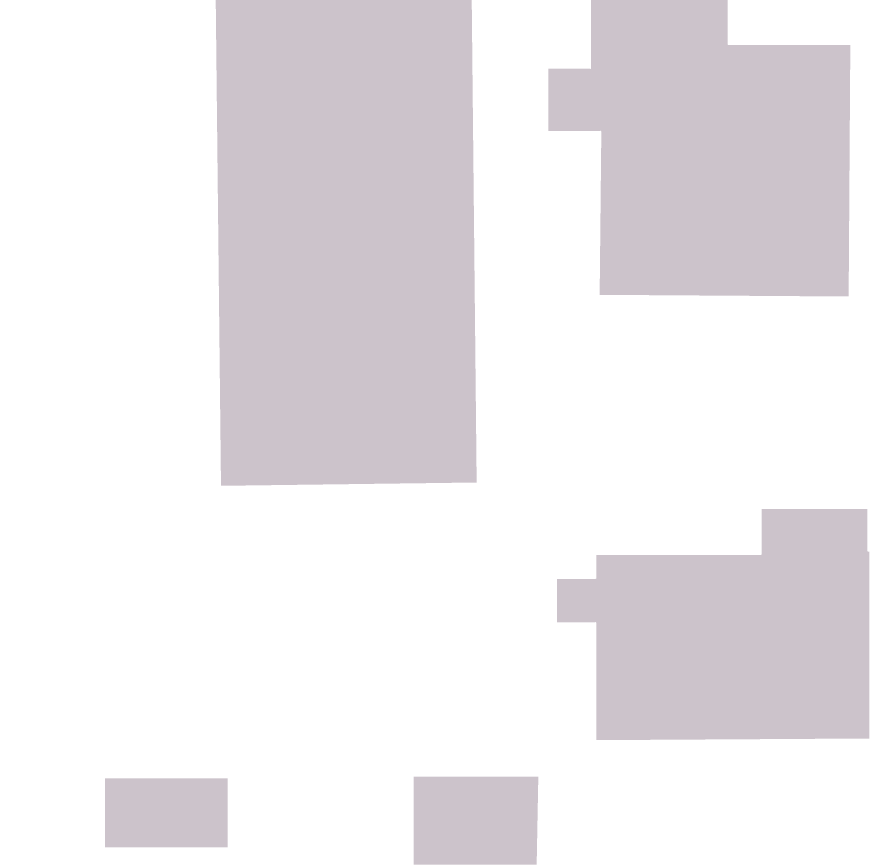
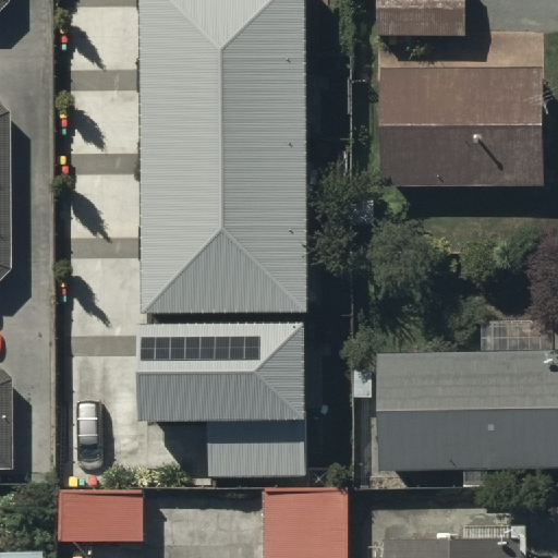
building: none -> [136,319,304,473]

